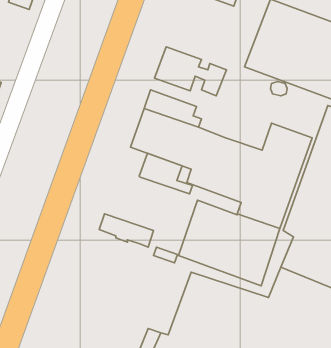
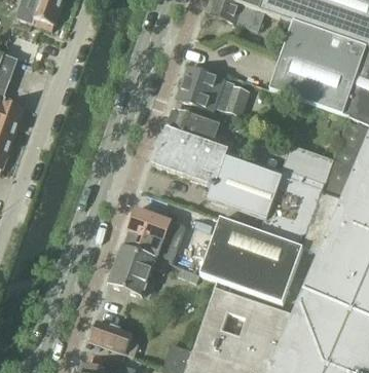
building: [139,153,193,194] -> [126,210,179,250]
building: none -> [107,248,163,298]
building: none -> [87,322,138,357]

